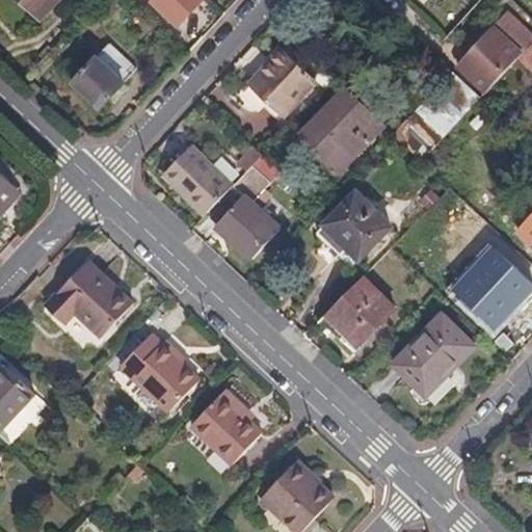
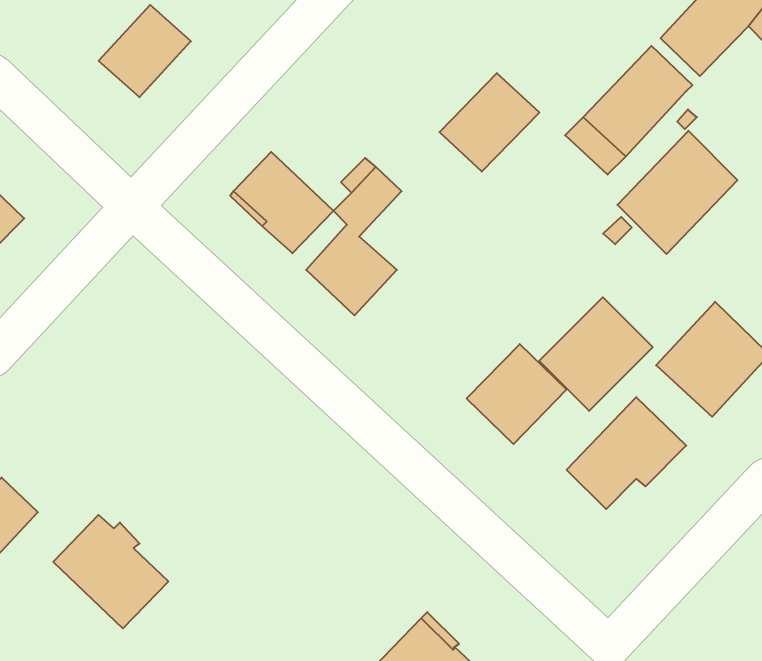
building: [247,51,314,117] -> none
building: none -> [617,131,737,254]
building: [311,192,389,270] -> [539,297,653,411]
building: [44,262,131,338] -> none
building: [117,334,196,411] -> [53,515,168,628]
building: [185,398,256,473] -> none

